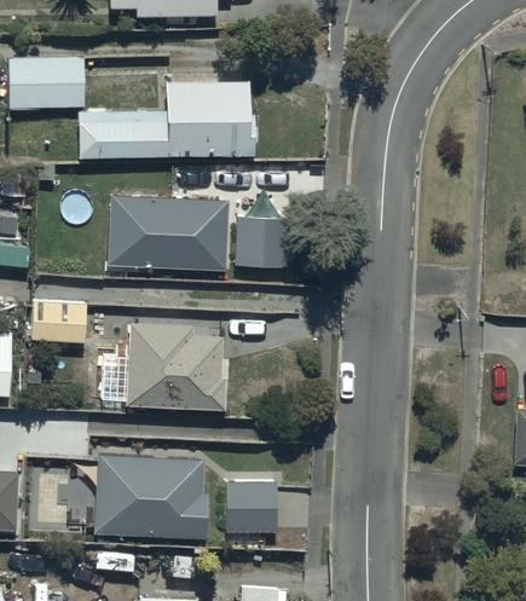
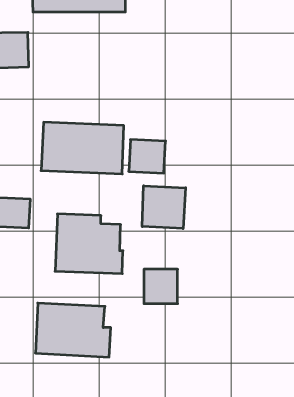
building: [70,83,258,162] -> none
building: none -> [142,186,186,229]
building: [225,480,274,531] -> [144,269,178,304]

